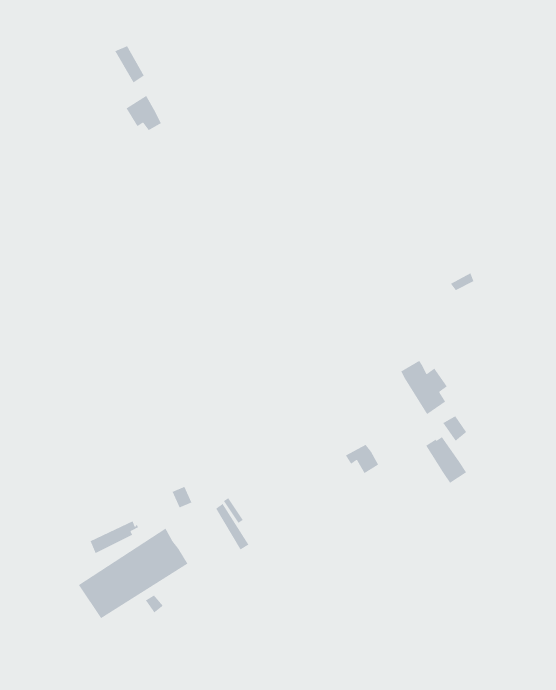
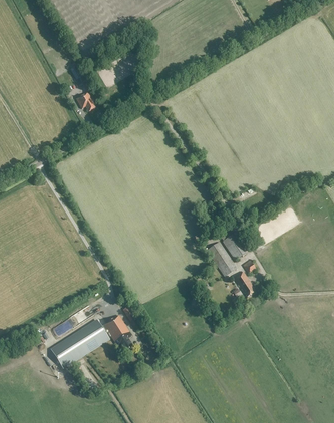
building: none -> [207,241,237,276]
building: none -> [101,314,133,351]

